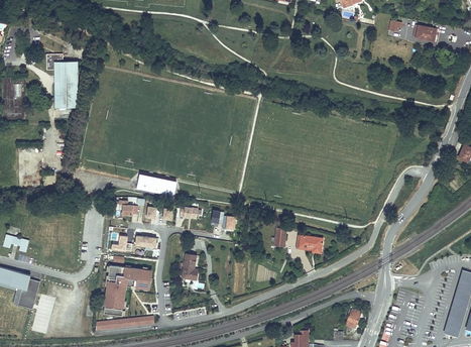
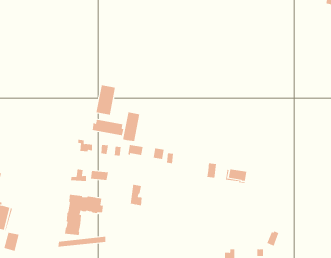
building: [46,53,79,107] -> none
building: none -> [96,85,116,115]
building: none -> [123,112,140,142]

